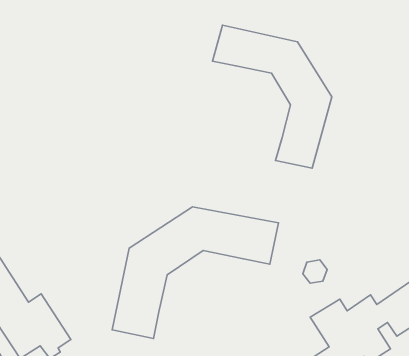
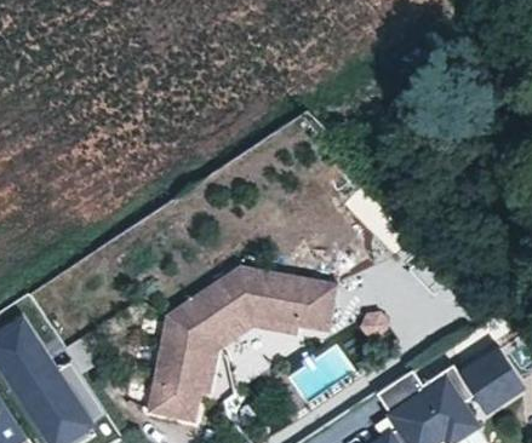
building: [212,25,332,168] -> none
building: none -> [205,315,302,387]

